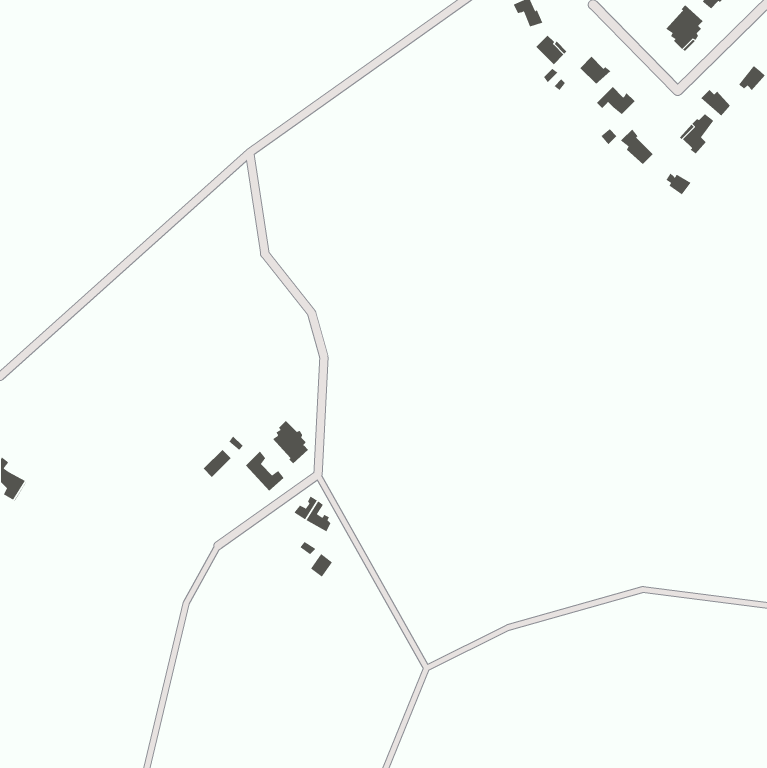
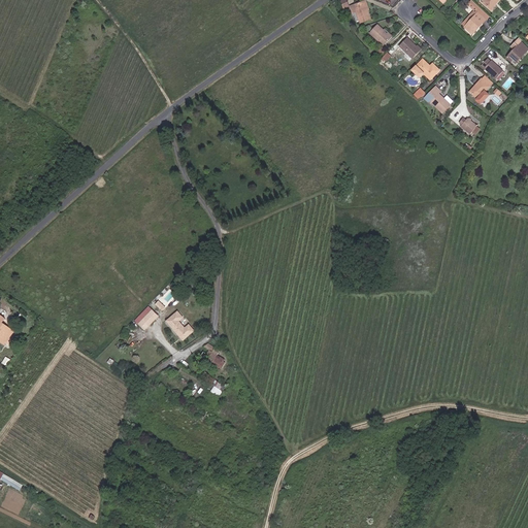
building: [272,420,309,464] -> none

